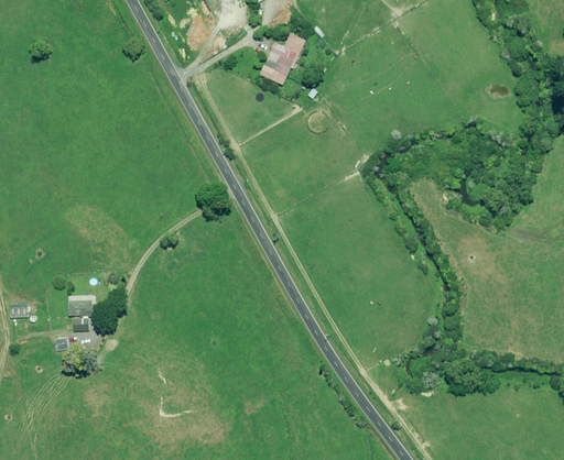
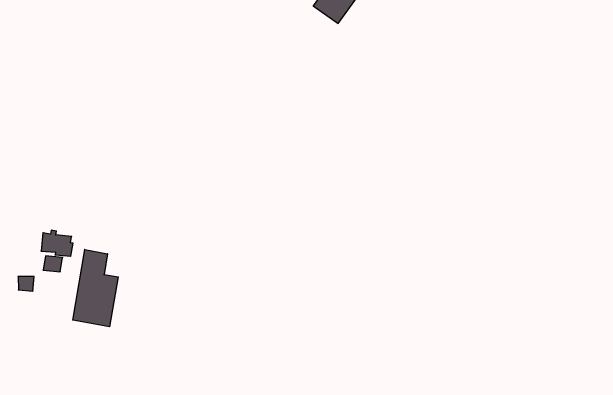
building: none -> [73,249,118,327]

